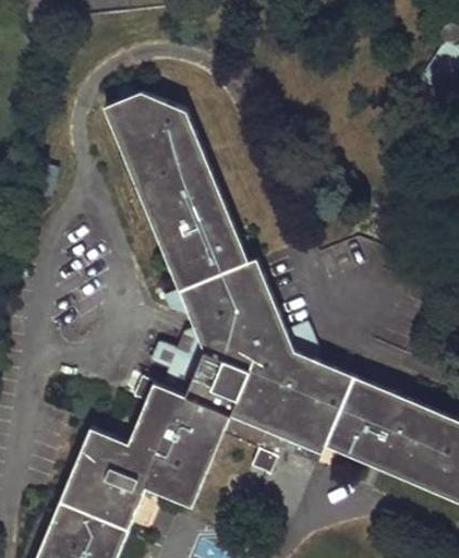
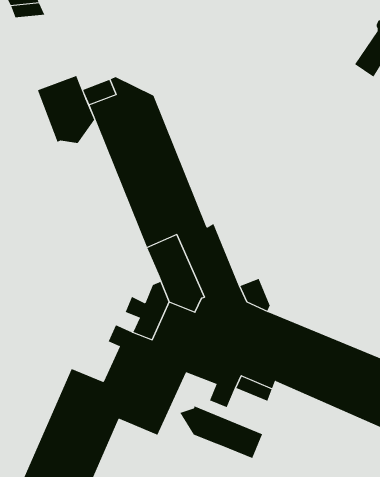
building: none -> [37,75,95,144]
building: none -> [179,405,263,459]

